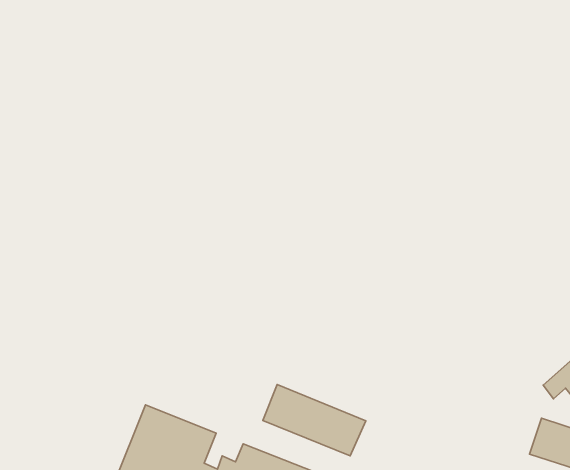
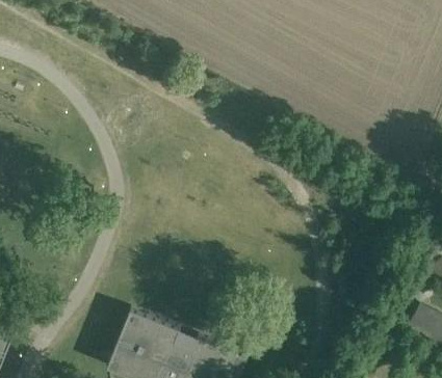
building: [263,384,366,456] -> none

